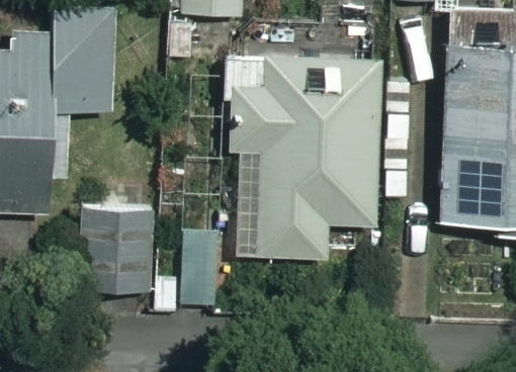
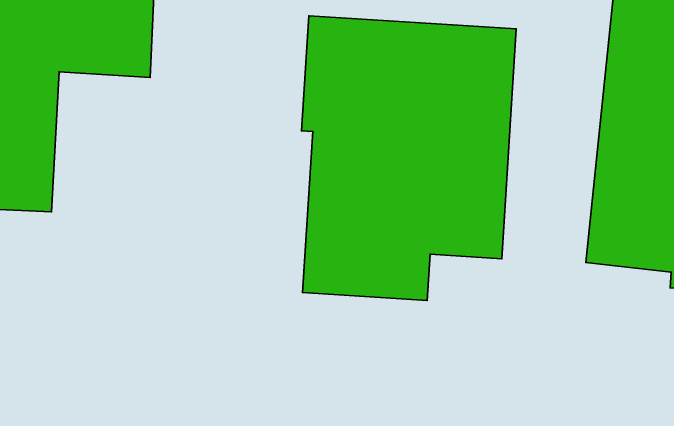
building: [79,210,154,293] -> none

